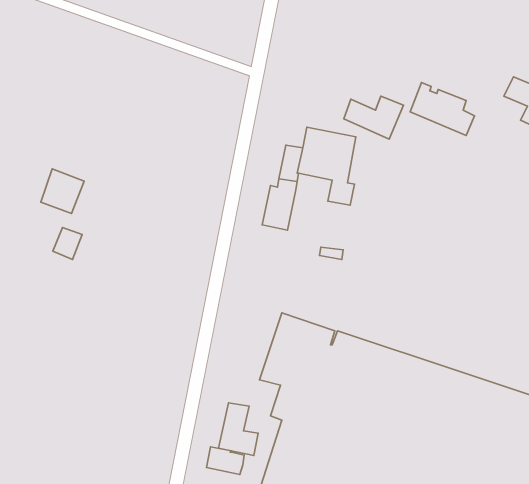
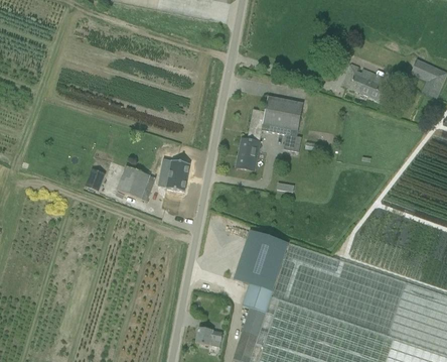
building: [344,96,403,139] -> none
building: [41,169,84,213] -> [117,165,148,198]
building: none -> [160,160,189,192]
building: [218,403,258,456] -> none

